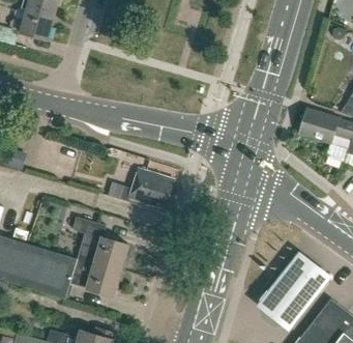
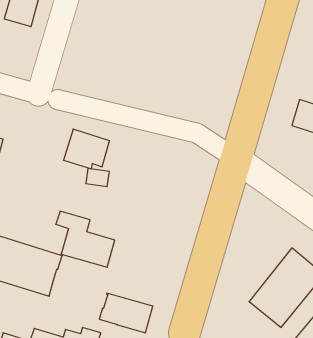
building: [128,170,173,208] -> [63,129,110,169]
building: [69,259,121,297] -> [99,293,153,333]

